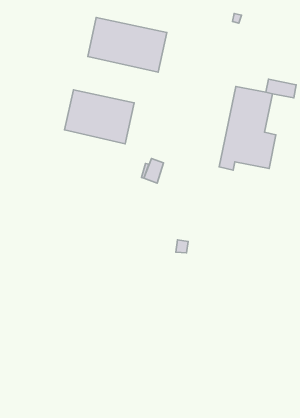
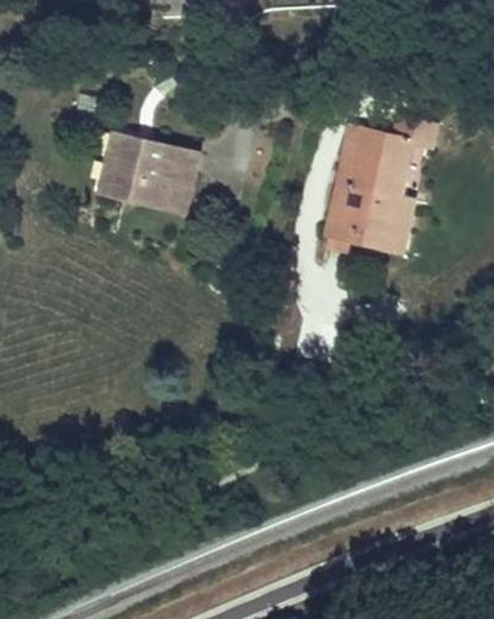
building: [88,17,167,72] -> none

